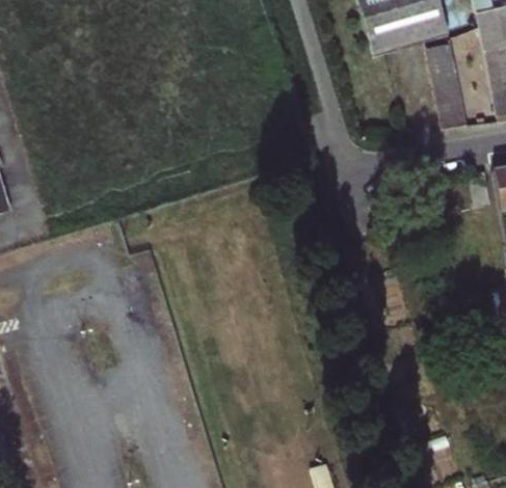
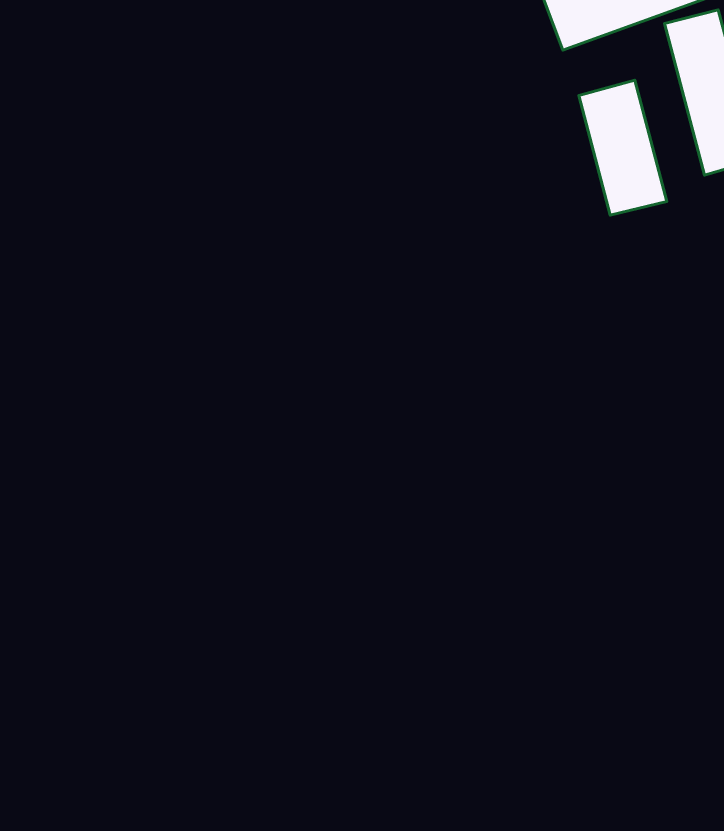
building: none -> [579,80,667,215]

